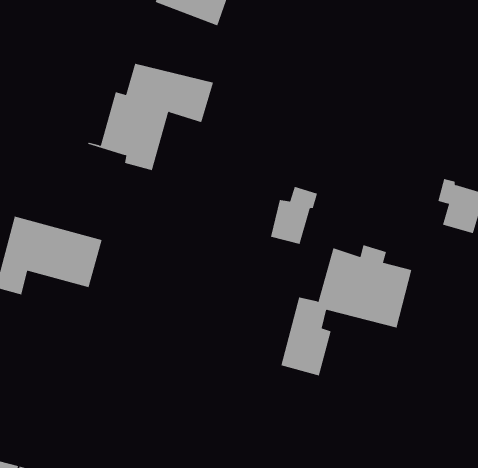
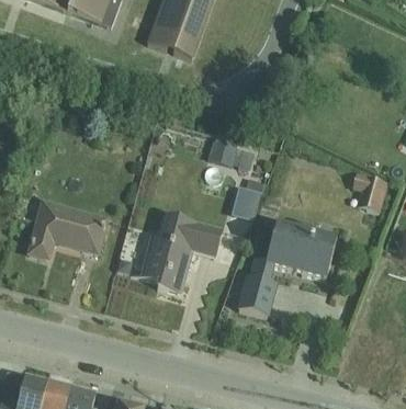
building: [87,63,214,171] -> [129,214,223,293]
building: none -> [207,141,253,169]

